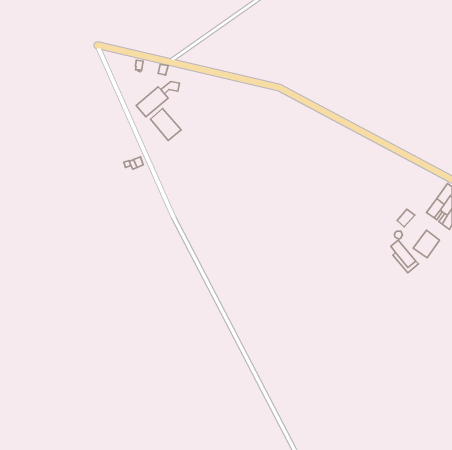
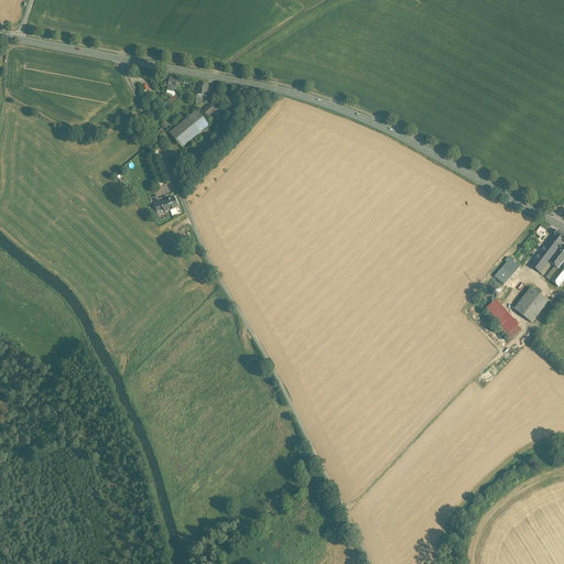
building: [150,109,181,140] -> none

